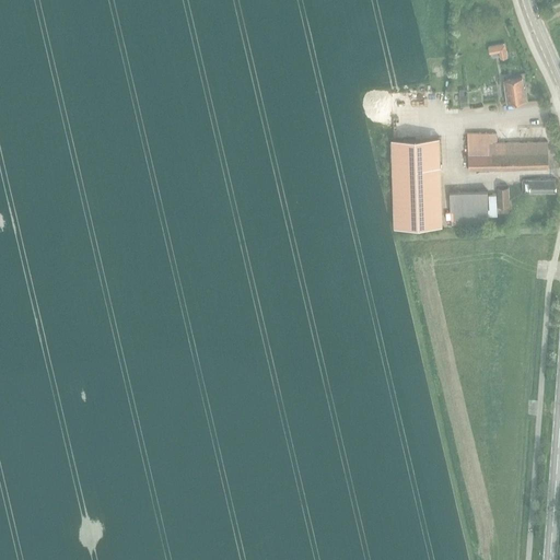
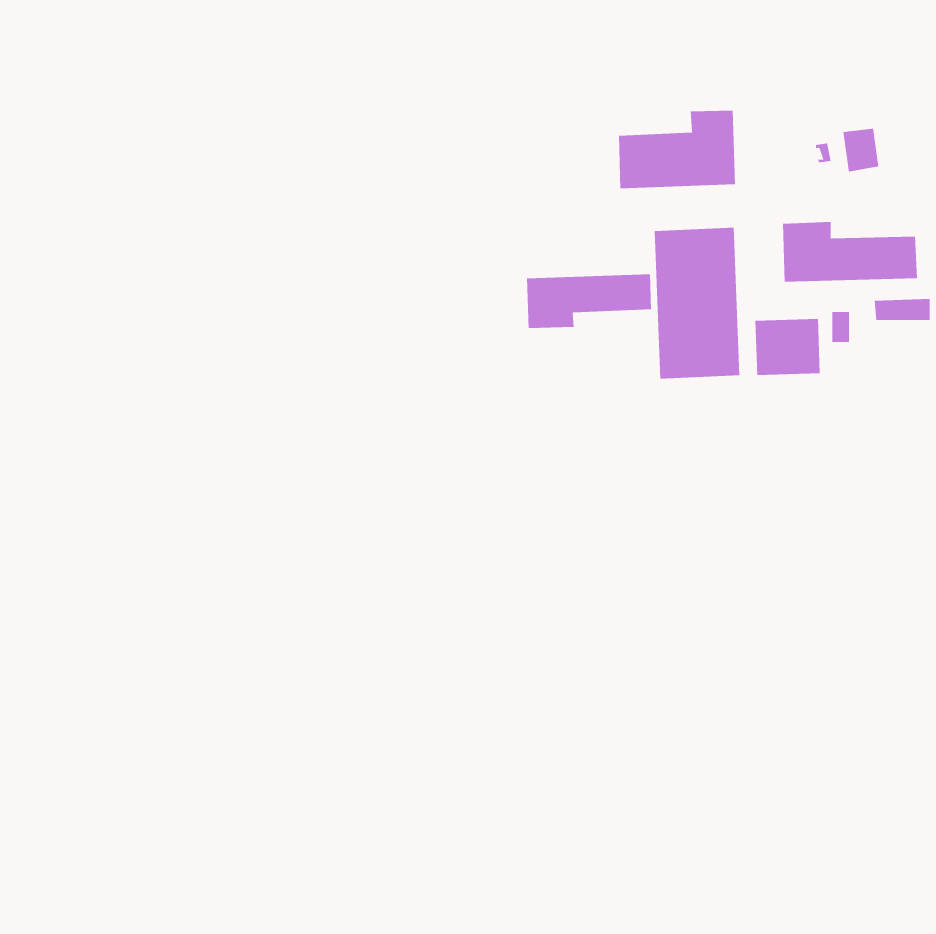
building: none -> [618,110,736,189]
building: none -> [527,273,651,329]

